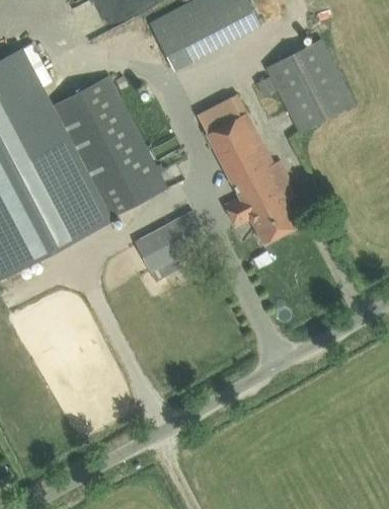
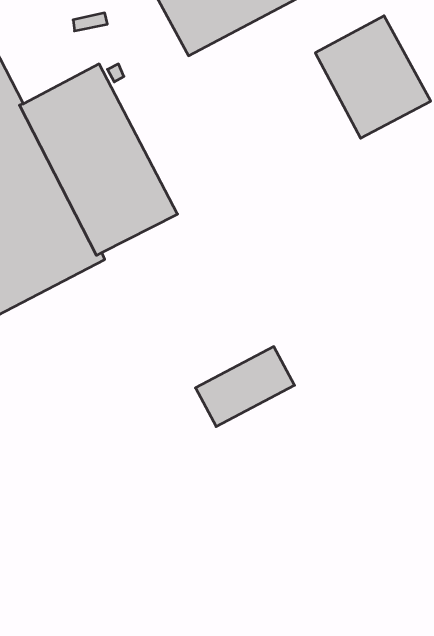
building: [197,93,299,243] -> none
building: [136,213,209,272] -> [195,347,295,427]

